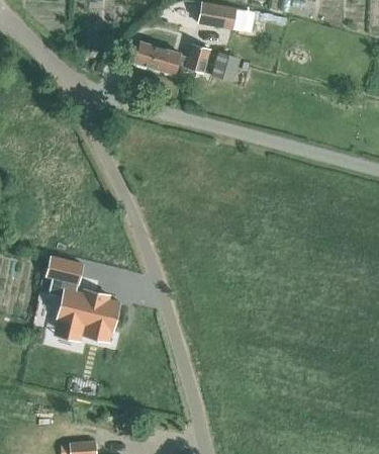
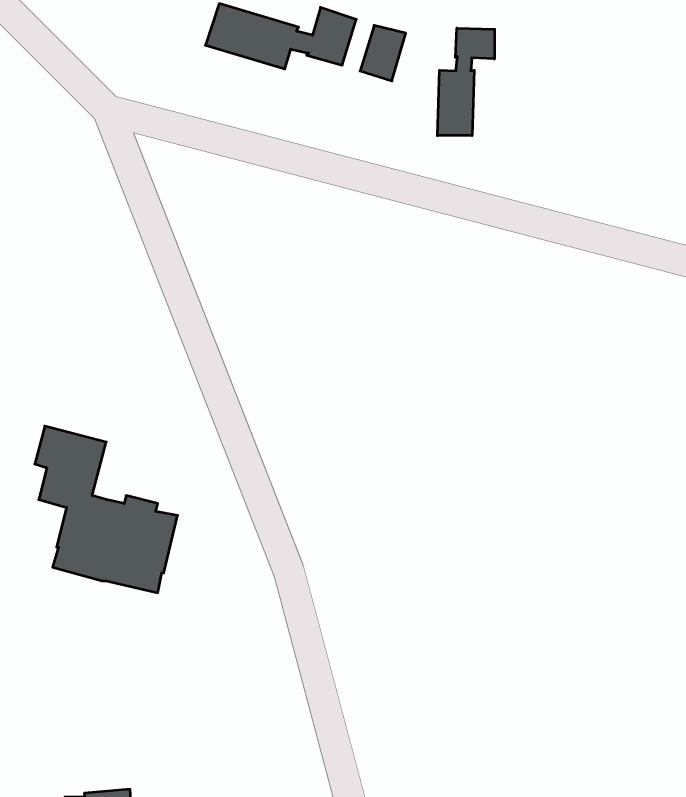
building: none -> [437,28,495,136]

